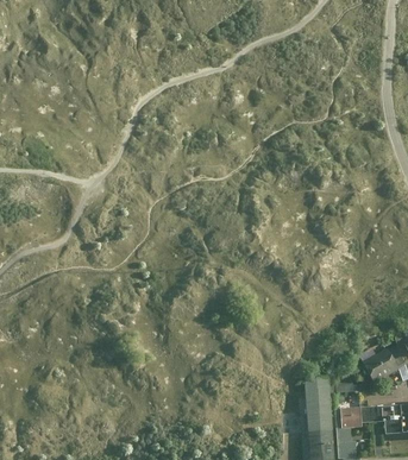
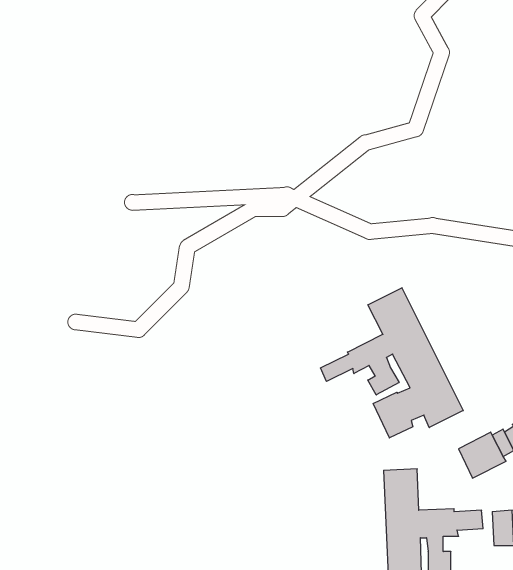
building: none -> [321,288,463,438]

